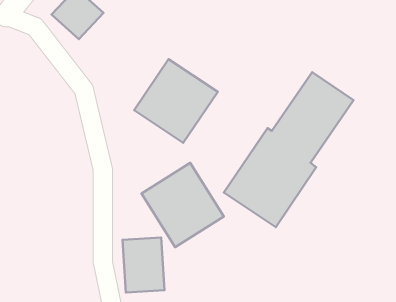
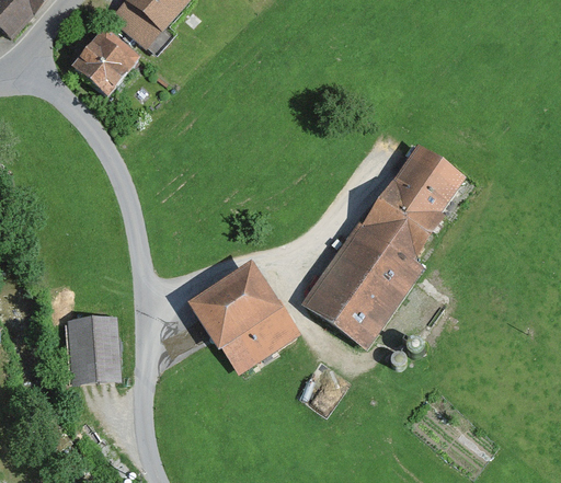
building: [134,59,218,143] -> none
building: [122,237,165,293] -> [62,314,118,388]

